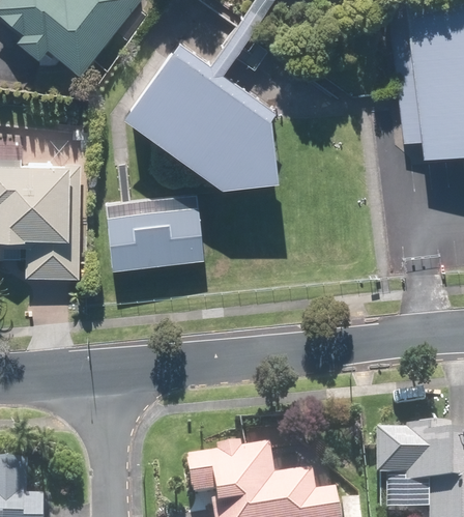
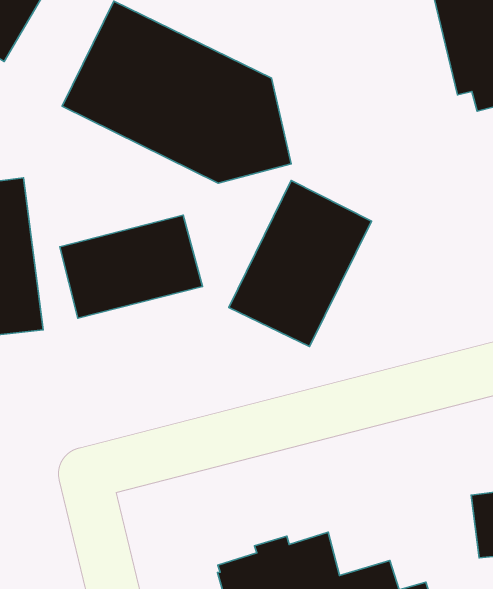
building: none -> [229,181,371,347]

